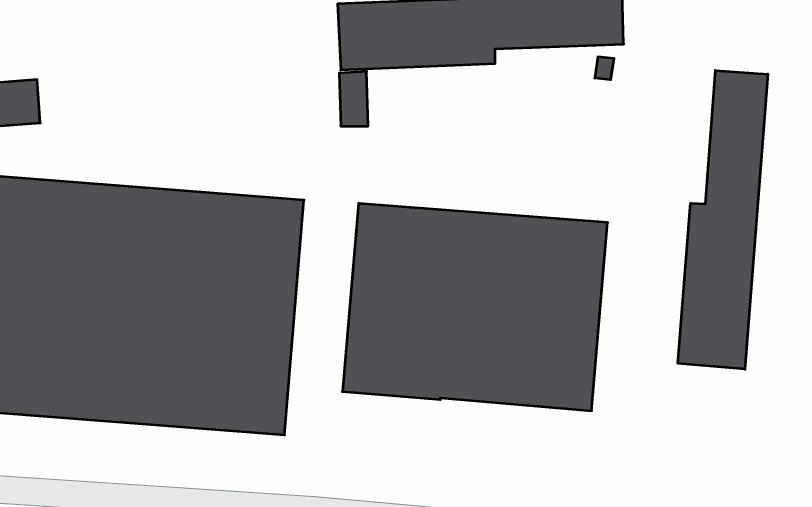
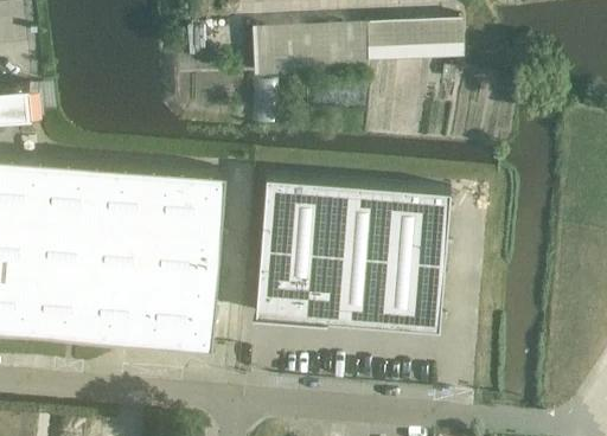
building: [678,70,768,369] -> none

